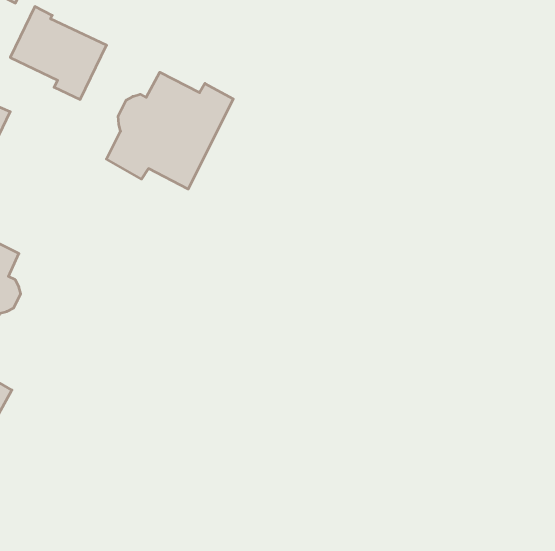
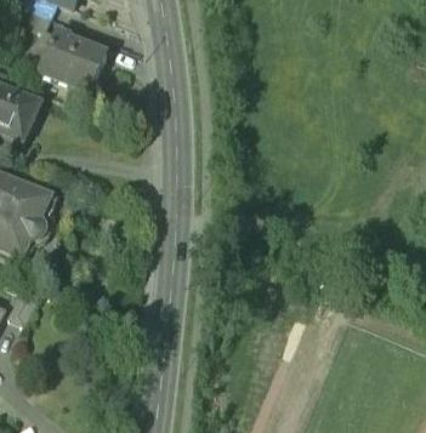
building: [106,72,233,189] -> none

